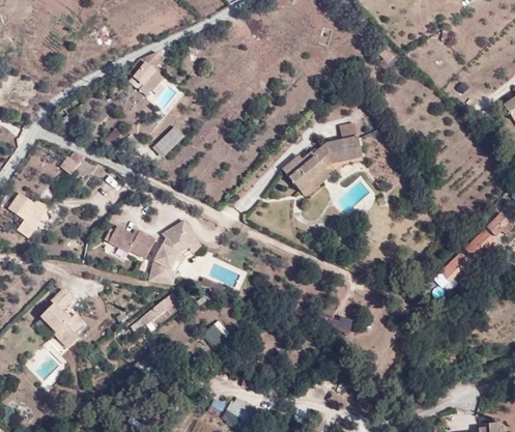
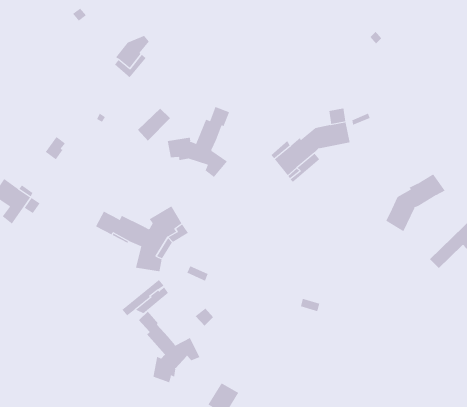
building: none -> [167,106,230,178]
building: none -> [386,173,446,232]
building: [39,288,83,347] -> none
building: none -> [138,311,200,383]

